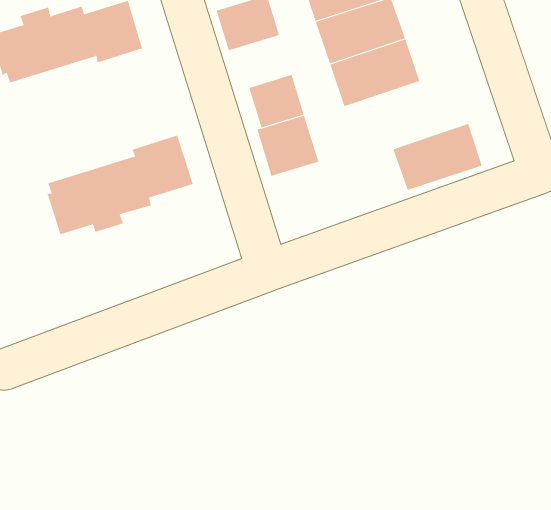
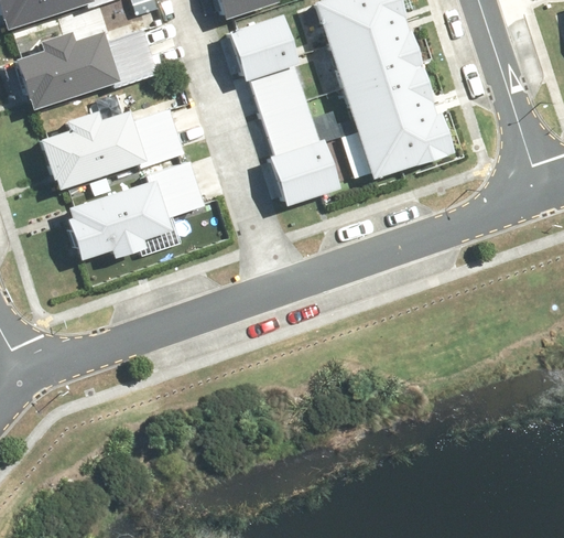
building: none -> [253,62,308,114]
building: none -> [40,106,191,186]
building: [393,123,482,191] -> [359,107,447,173]

